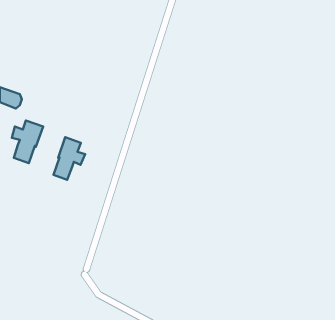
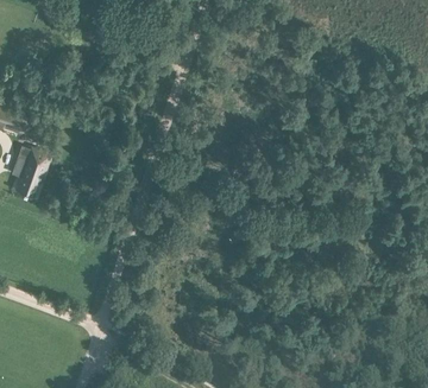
building: [53,137,85,180] -> none

